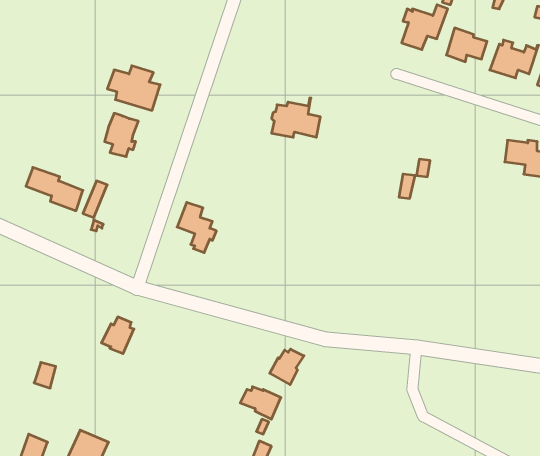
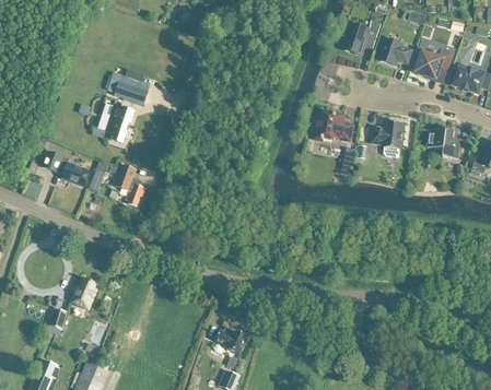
building: [272,98,320,137] -> [314,108,353,140]
building: none -> [372,120,404,155]
building: [177,202,216,253] -> [114,164,145,204]
building: [101,317,134,354] -> [70,277,96,307]
building: [270,349,304,385] -> none

